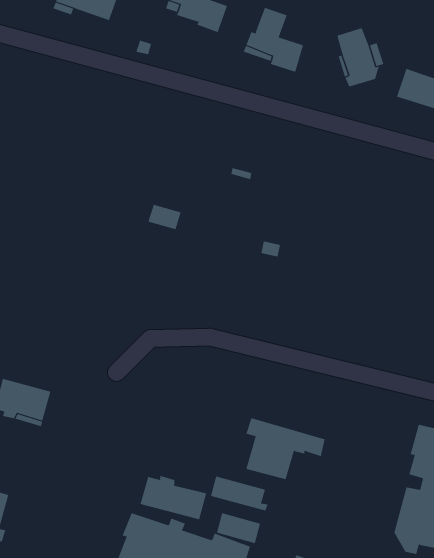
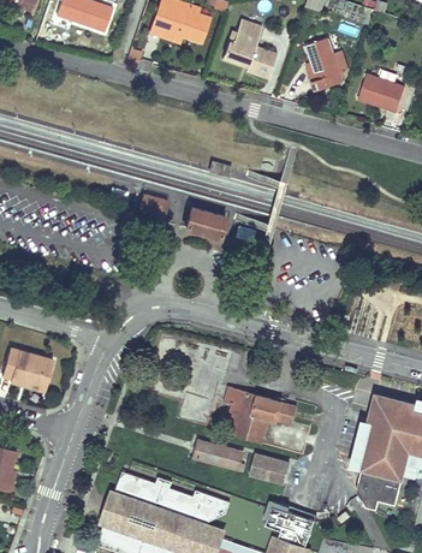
building: none -> [186,208,225,237]
building: [140,475,207,520] -> none
building: [216,513,261,544] -> [250,451,290,478]

